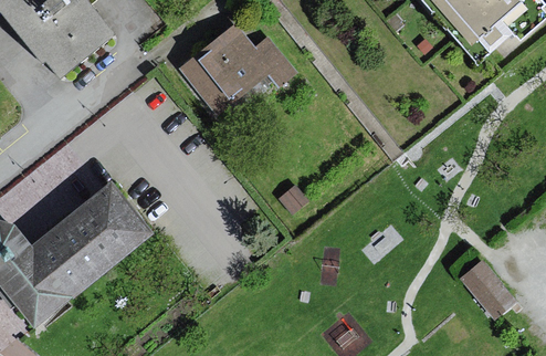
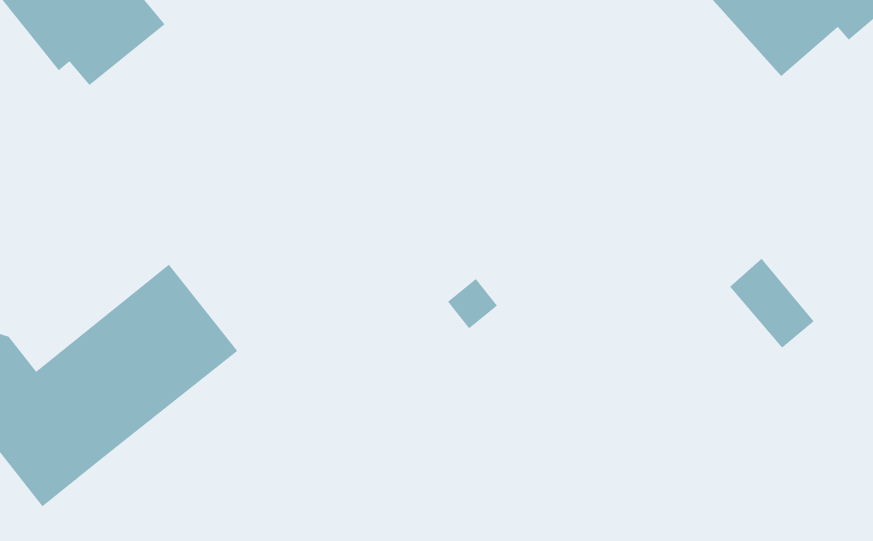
building: [181,27,303,123] -> none
building: [462,261,514,316] -> [729,258,815,348]

